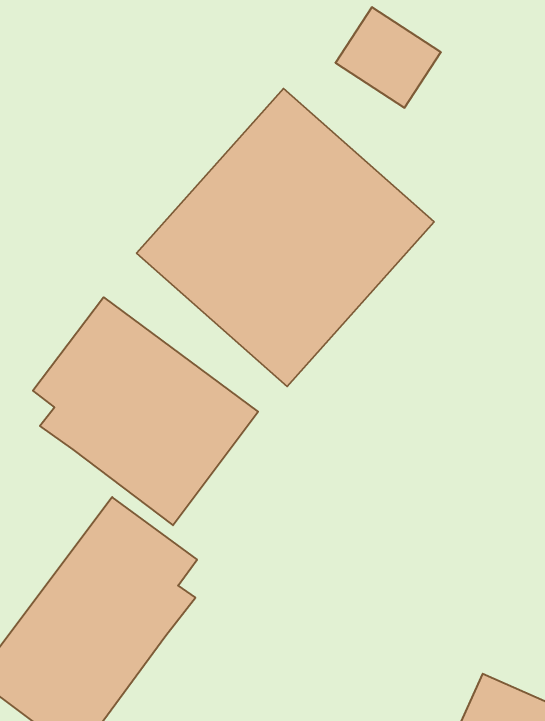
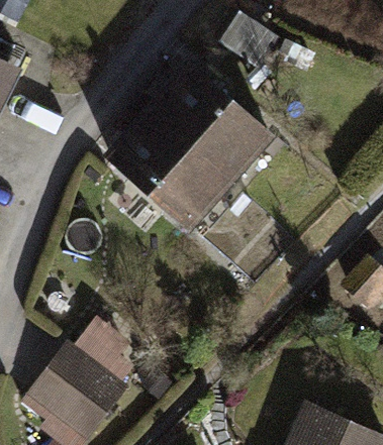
building: [33,297,258,525] -> none

